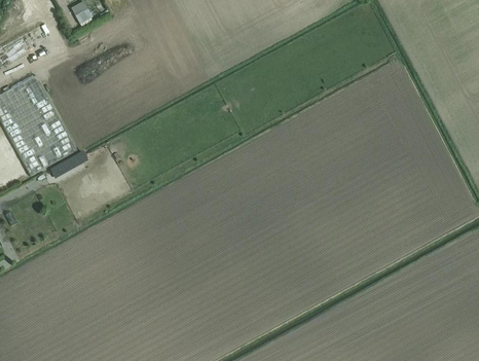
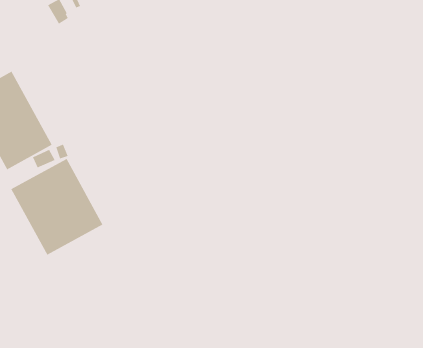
building: none -> [11,158,103,255]

